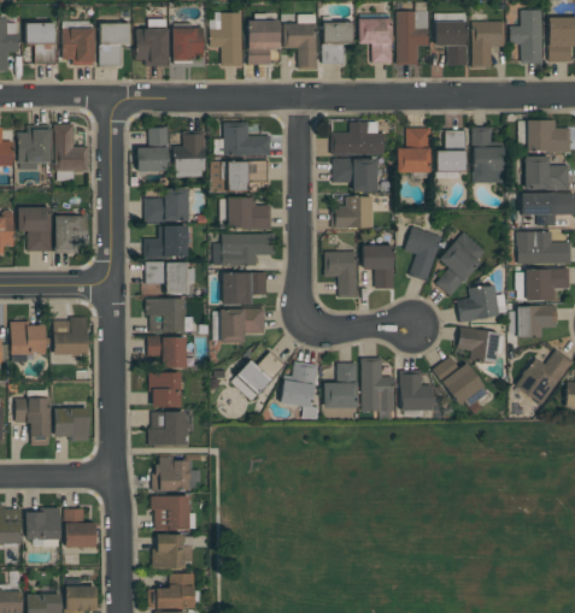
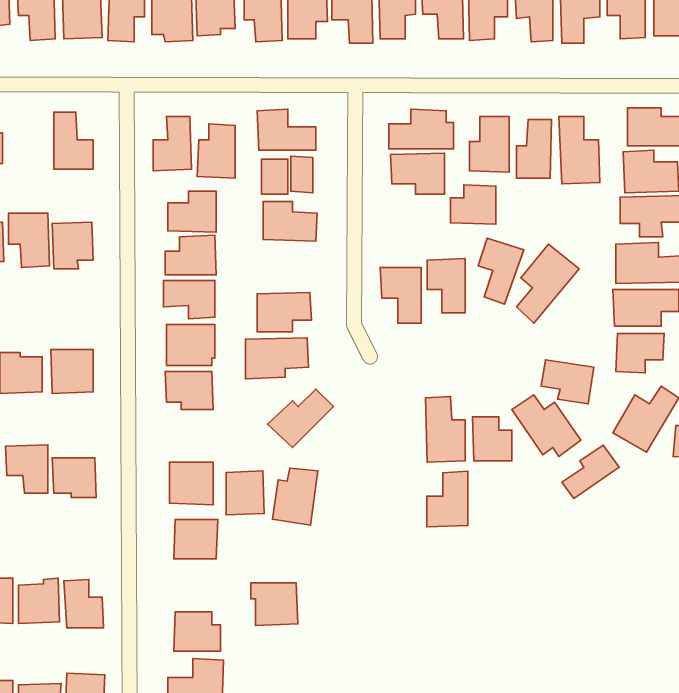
building: [18,125,52,170] -> none
building: [335,196,372,229] -> [451,185,496,224]
building: [213,234,272,267] -> none
building: [457,285,499,322] -> none
building: [281,361,318,408] -> [272,468,318,525]
building: [324,363,358,408] -> [427,471,468,527]
building: [151,372,182,408] -> [226,471,264,515]
building: none -> [562,445,619,499]
building: [152,496,190,531] -> [251,583,298,625]

